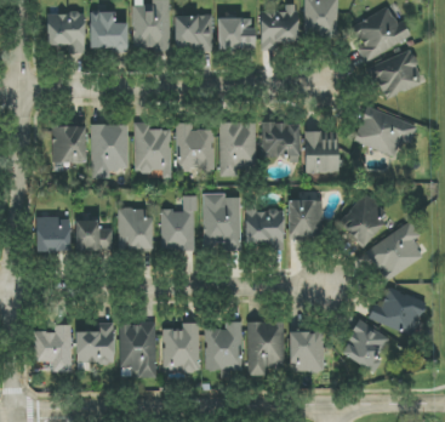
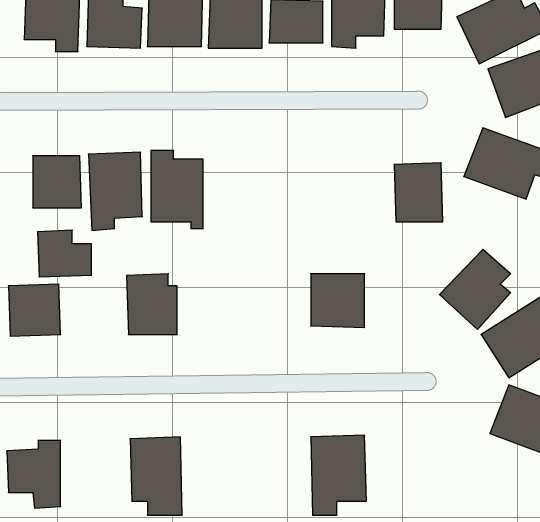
building: [176,122,215,171] -> none
building: [219,122,256,176] -> none
building: [262,122,301,161] -> none
building: [202,193,241,249] -> none
building: [160,196,196,251] -> none
building: [287,200,323,238] -> none
building: [75,219,113,252] -> [38,230,91,277]
building: [341,320,388,370] -> none
building: [204,321,243,370] -> none
building: [75,323,115,364] -> none
building: [162,323,199,371] -> none
building: [290,331,324,372] -> none

